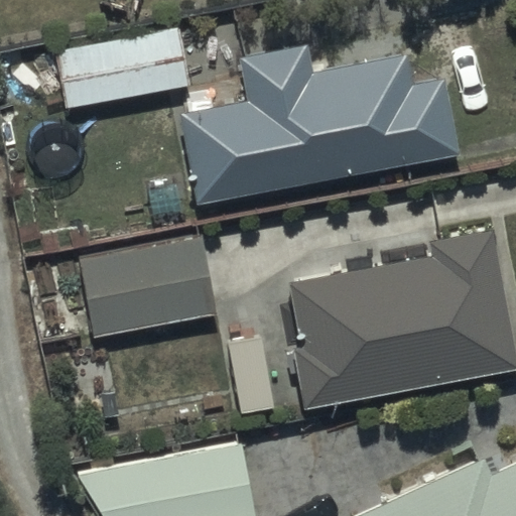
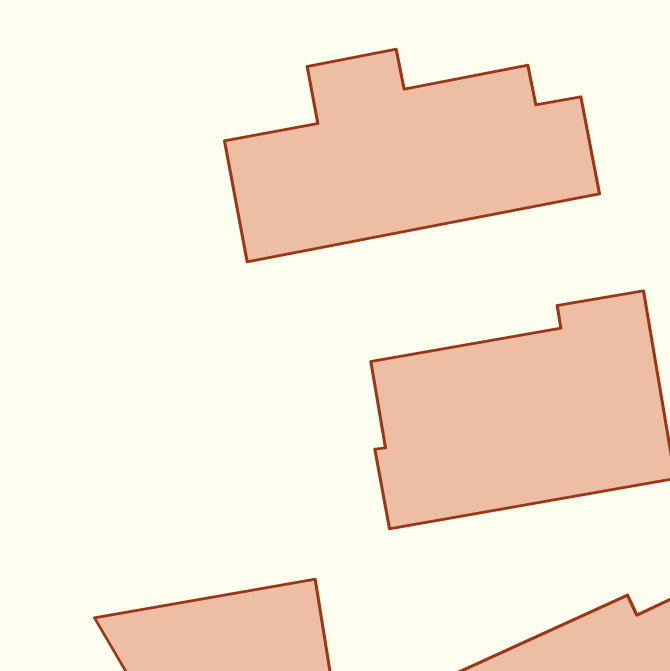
building: [56,27,190,108] -> none
building: [79,238,216,339] -> none

